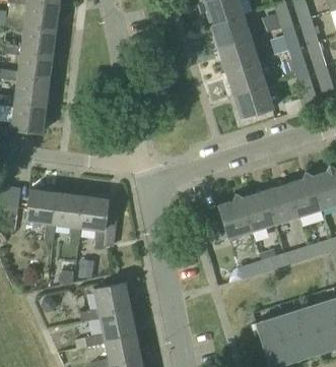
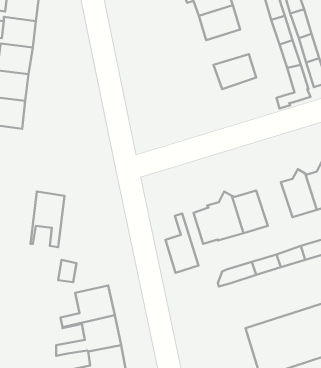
building: [218,38,259,71] -> none
building: [233,83,274,119] -> none
building: [266,183,300,225] -> none
building: [26,189,57,242] -> none
building: [77,196,108,248] -> none
building: none -> [165,213,198,273]

